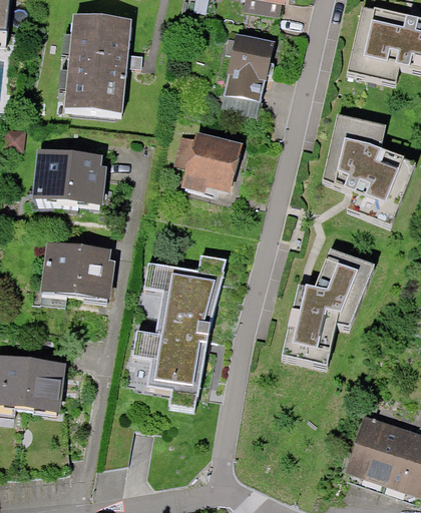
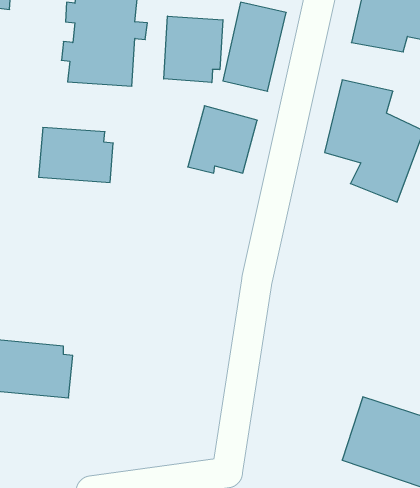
building: none -> [164,16,223,83]
building: [276,240,370,365] -> none
building: [41,242,120,304] -> none
building: [133,260,224,389] -> none

